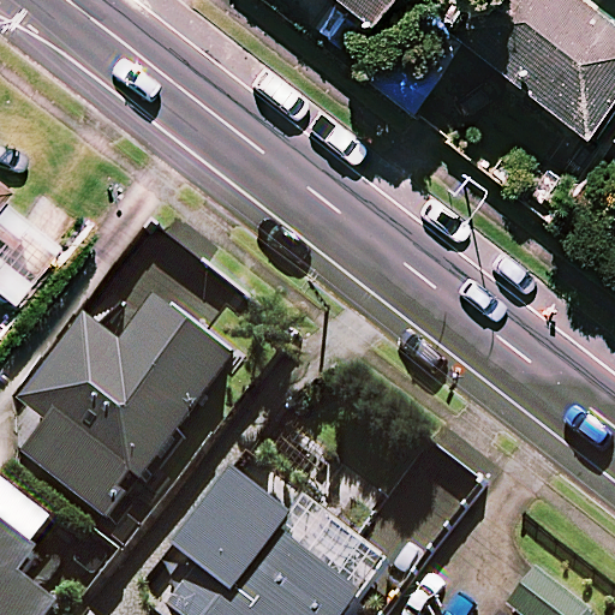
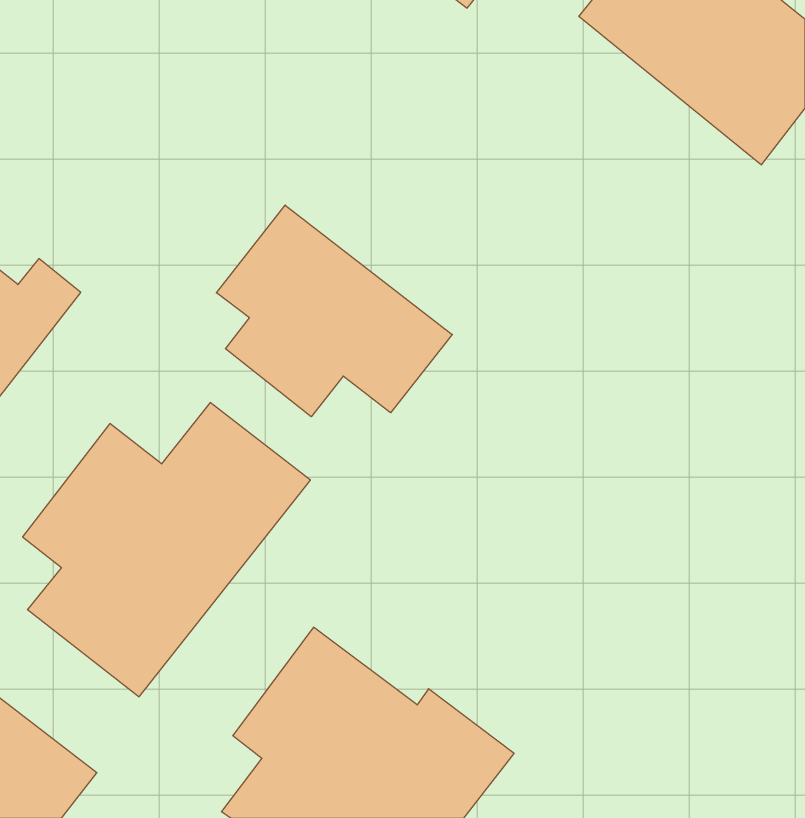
building: none -> [216,205,452,417]

